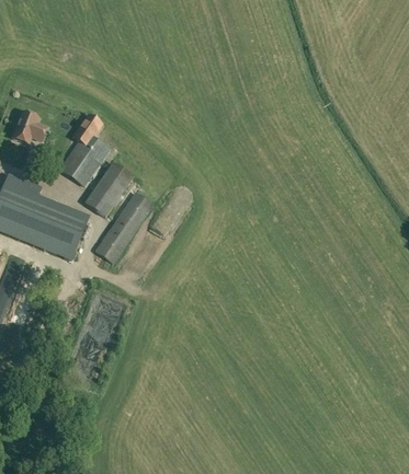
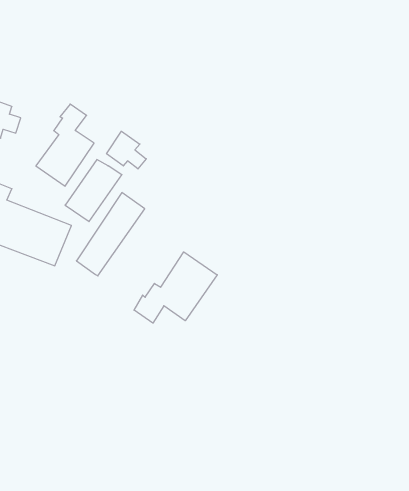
building: none -> [107,131,146,169]
building: none -> [134,252,217,323]

